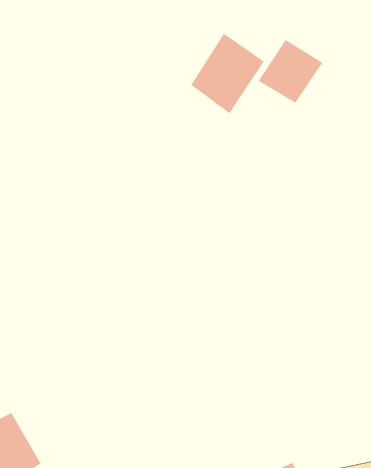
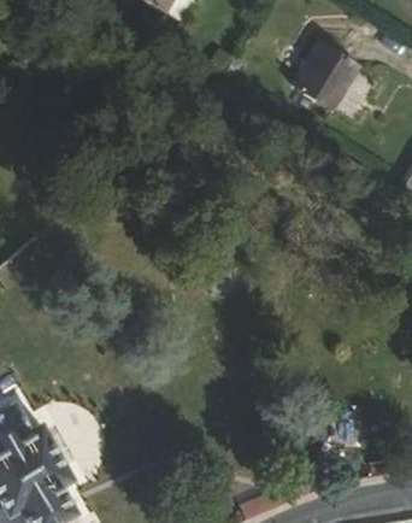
building: [190,33,264,114] -> none

